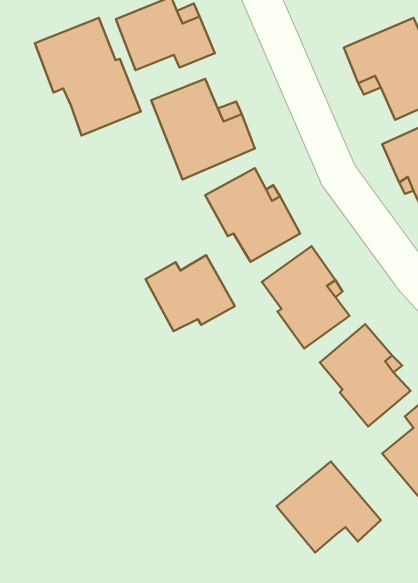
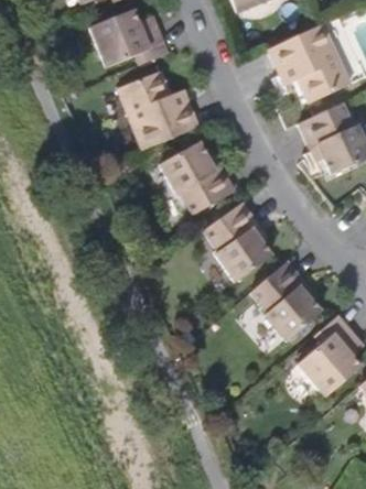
building: [35,18,141,136] -> none
building: [146,255,235,331] -> none
building: [277,462,381,552] -> none

